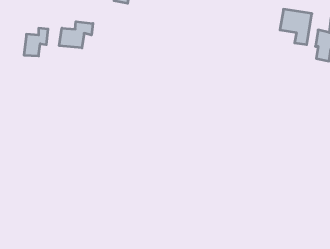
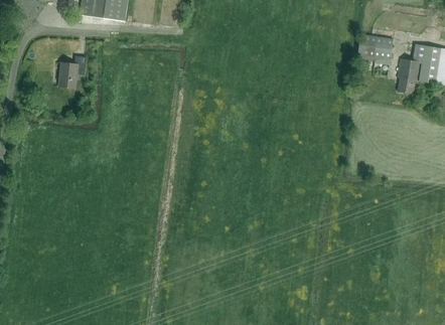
building: [59,22,93,48] -> none

